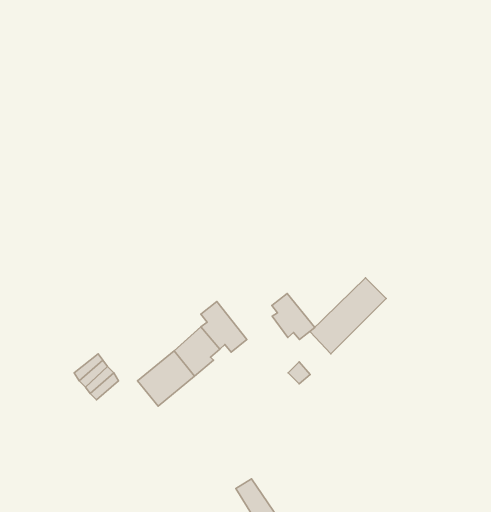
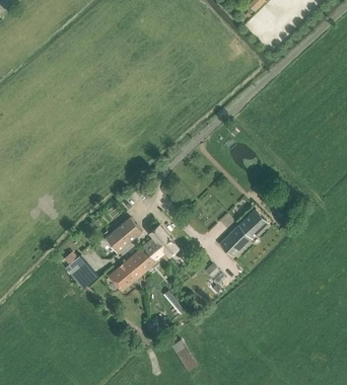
building: none -> [105,218,142,252]
building: [272,293,315,340] -> none

